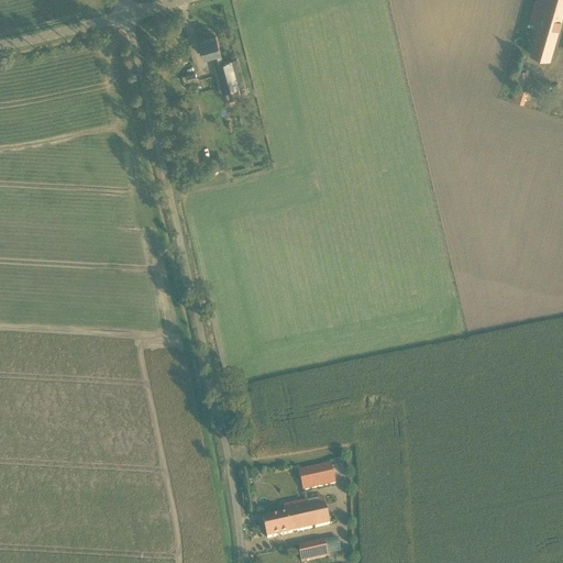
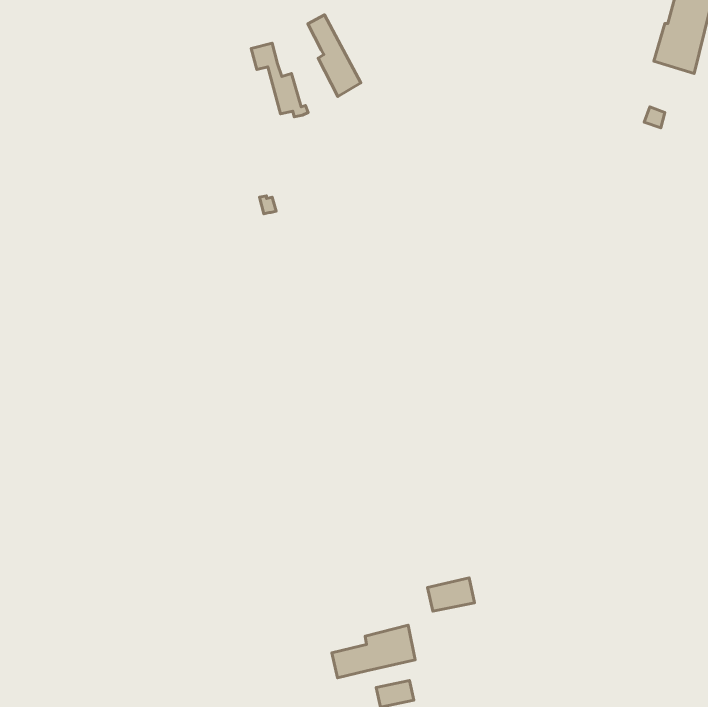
building: none -> [308,15,361,96]
building: [299,462,336,488] -> [427,578,475,611]

